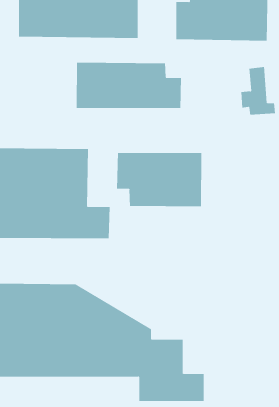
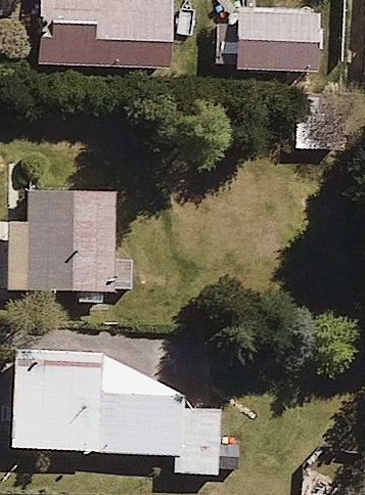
building: [76,62,182,109] -> none
building: [117,152,202,207] -> none

